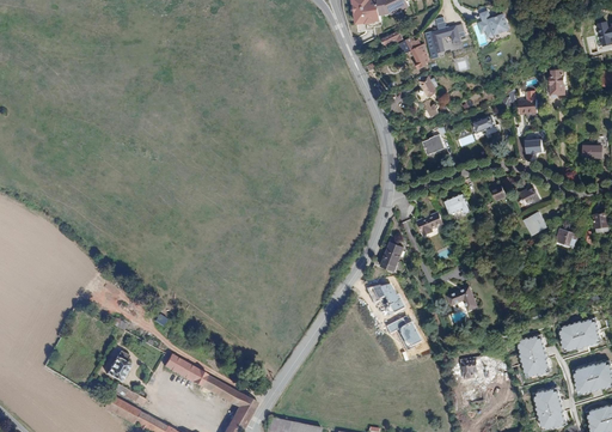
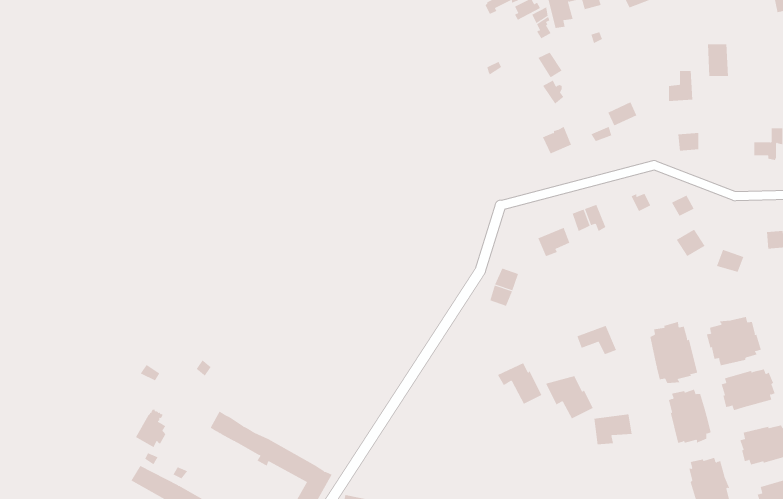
building: none -> [706,316,762,366]
building: [367,281,404,315] -> [545,376,593,419]
building: none -> [650,321,698,384]

